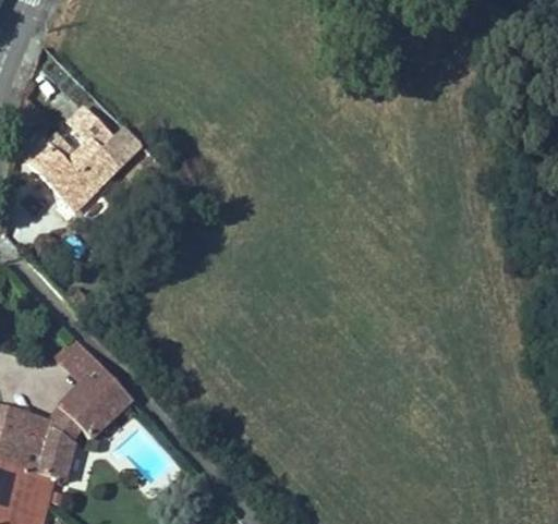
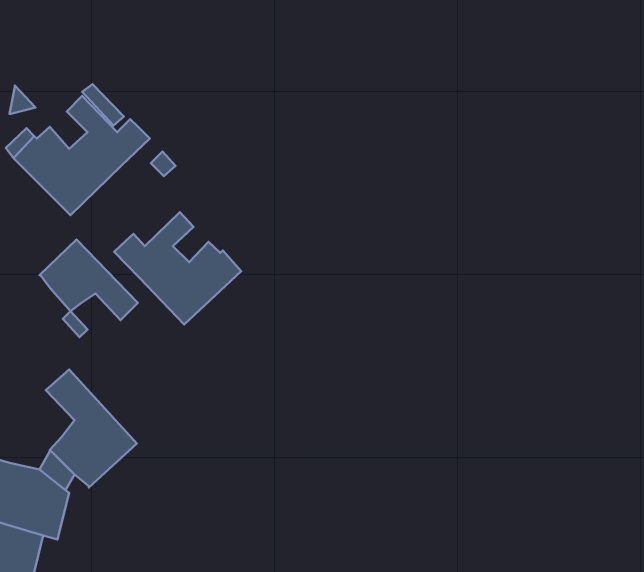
building: none -> [114,212,241,324]
building: none -> [39,239,138,320]

